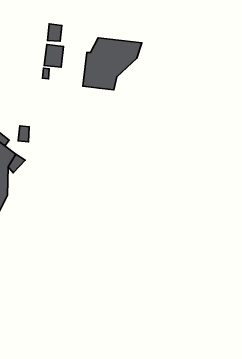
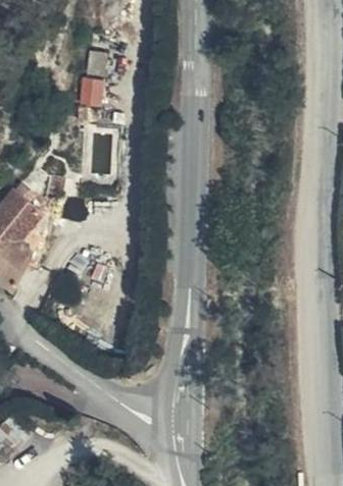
building: [83,38,142,90] -> none

